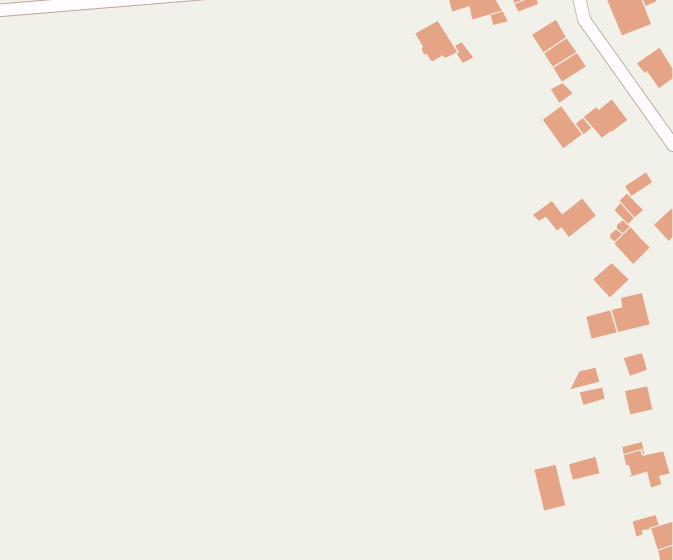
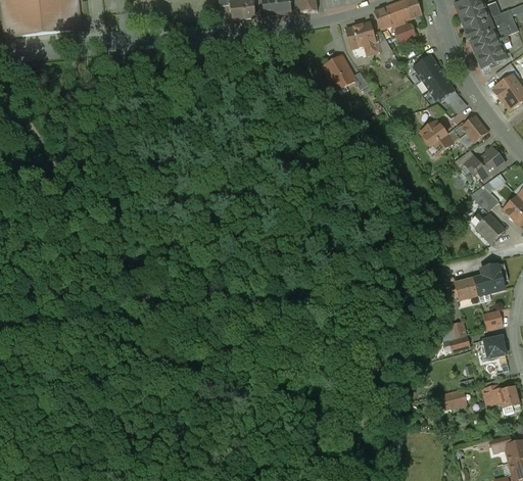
building: [532,198,597,239] -> [454,147,504,179]
building: [592,262,629,298] -> none
building: [534,464,566,511] -> none

